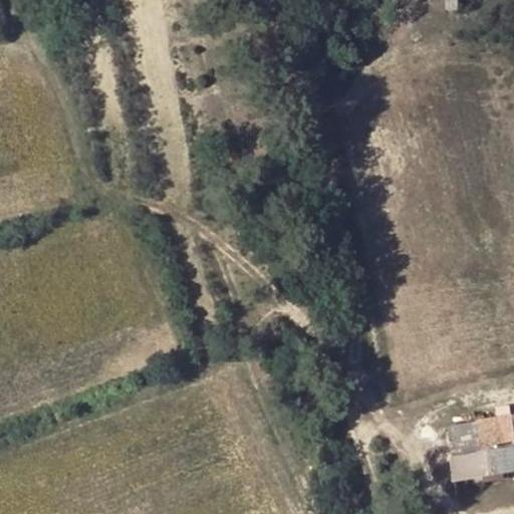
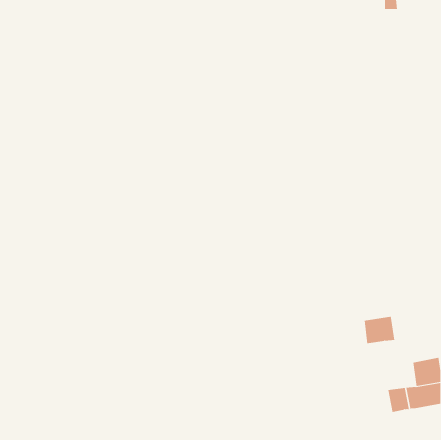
building: [448,422,484,454] -> [364,316,395,344]

